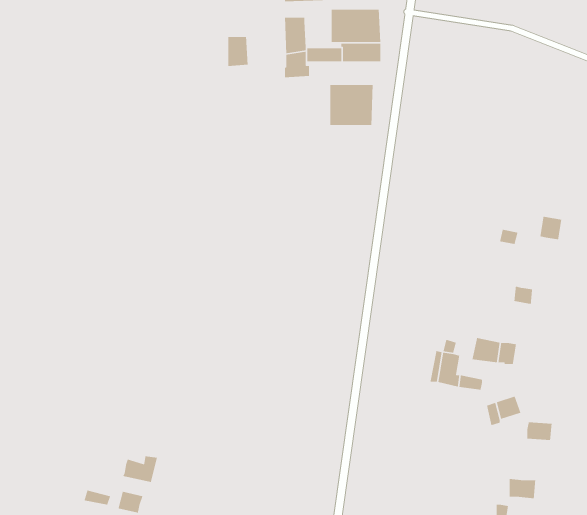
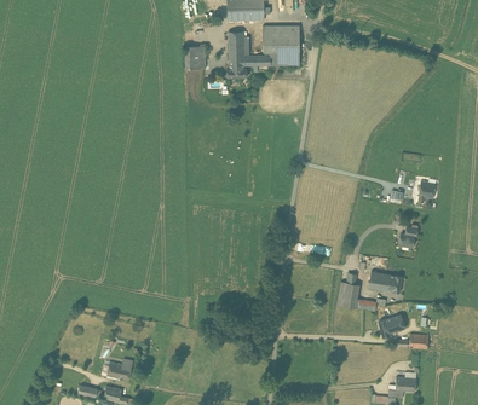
building: [329,84,374,126] -> none

